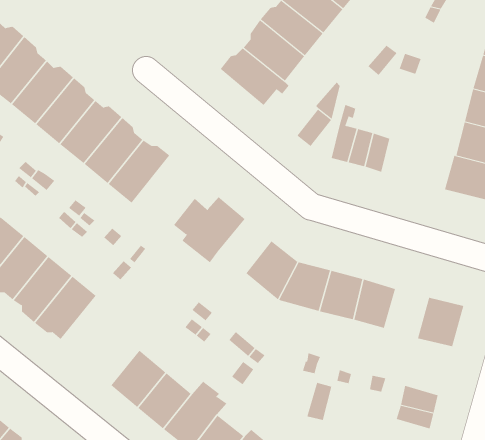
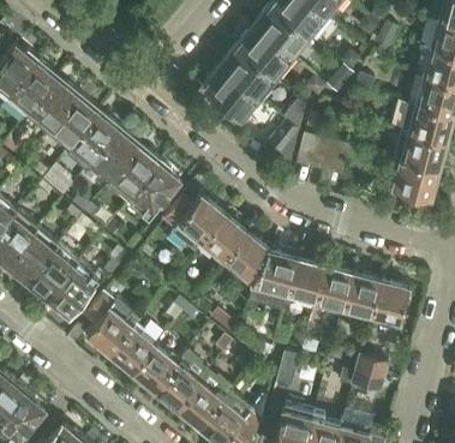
building: none -> [128,161,179,218]
building: none -> [202,215,246,261]
building: none -> [342,274,379,316]
building: none -> [85,294,139,355]

